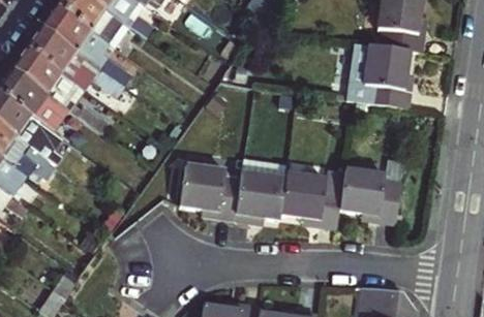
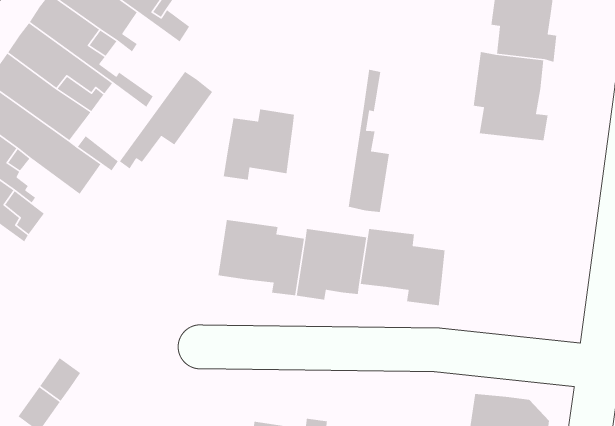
building: none -> [348,69,390,213]
building: none -> [119,71,213,169]
building: none -> [223,109,295,181]
building: [340,166,398,223] -> none

